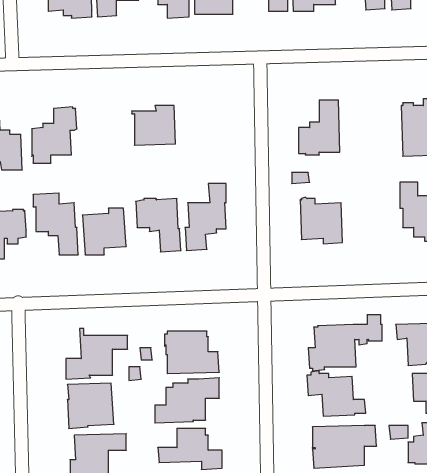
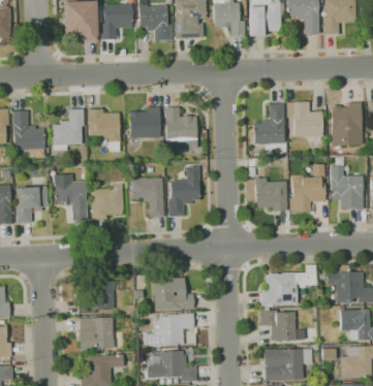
building: none -> [286,101,322,136]
building: none -> [164,107,196,150]
building: none -> [88,109,120,152]
building: none -> [289,164,324,213]

